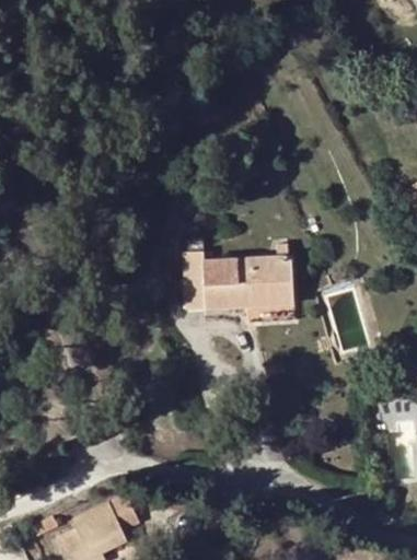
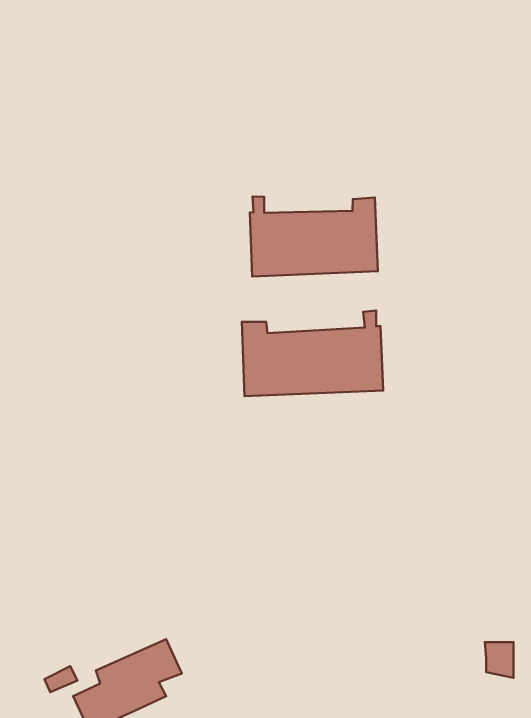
building: none -> [250,197,378,276]

